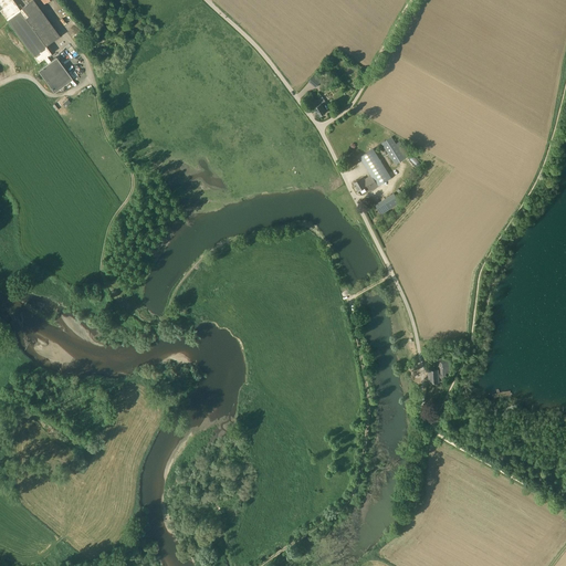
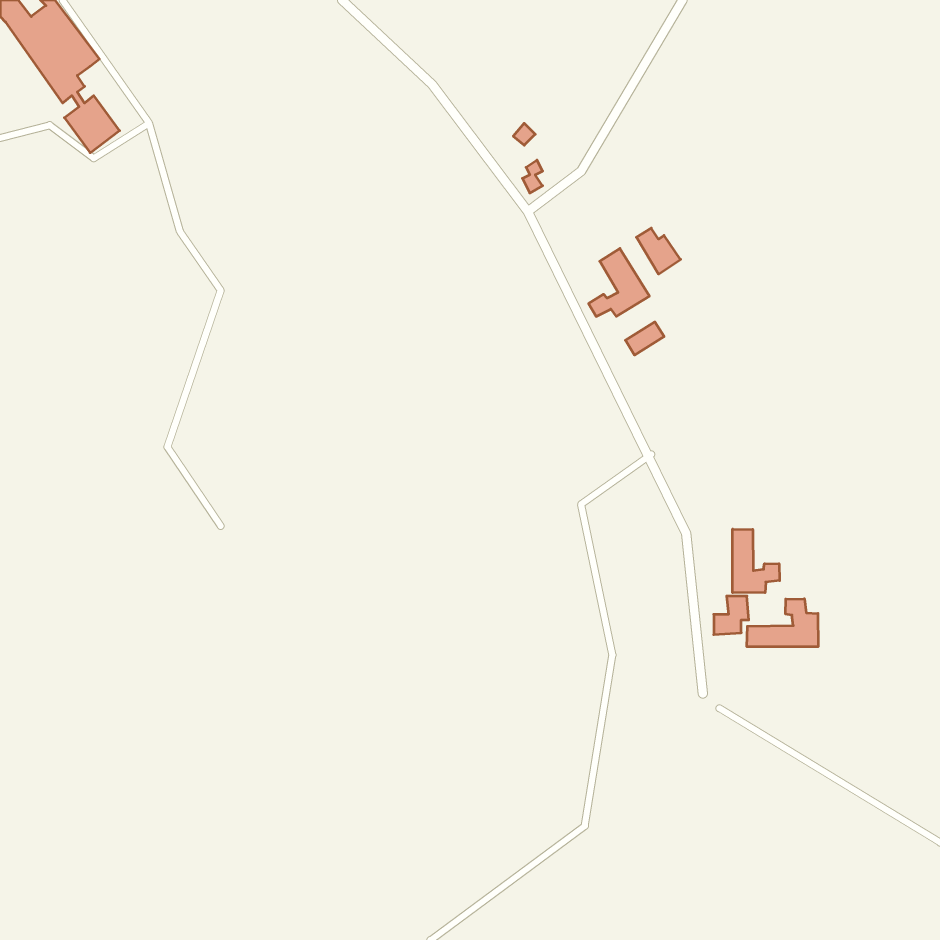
building: none -> [733,529,780,593]
building: none -> [747,599,818,647]

